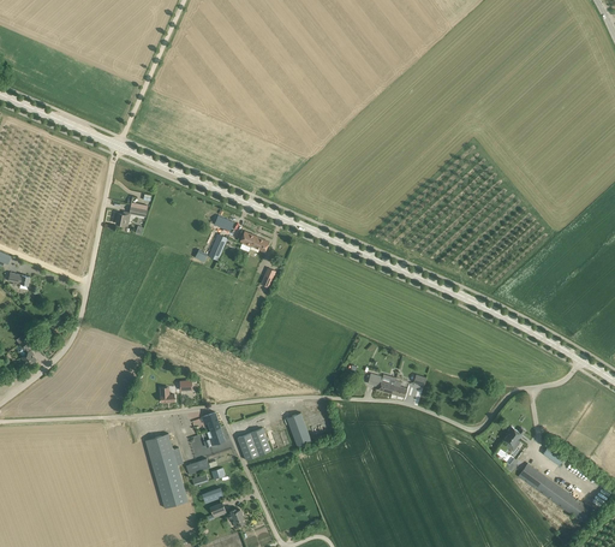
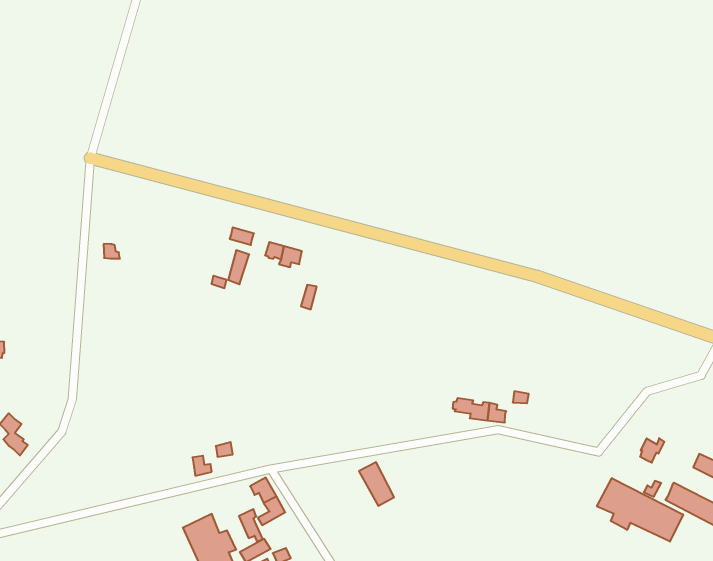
building: [237,428,269,459] -> none
building: none -> [597,478,683,542]

